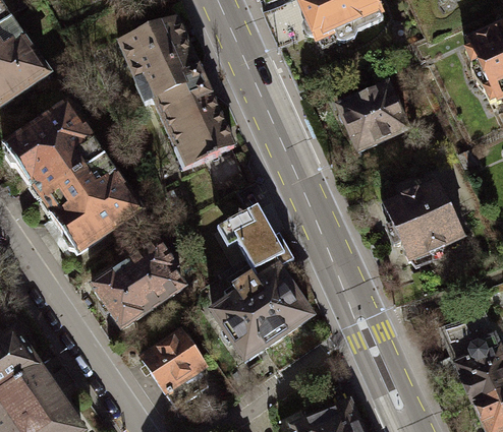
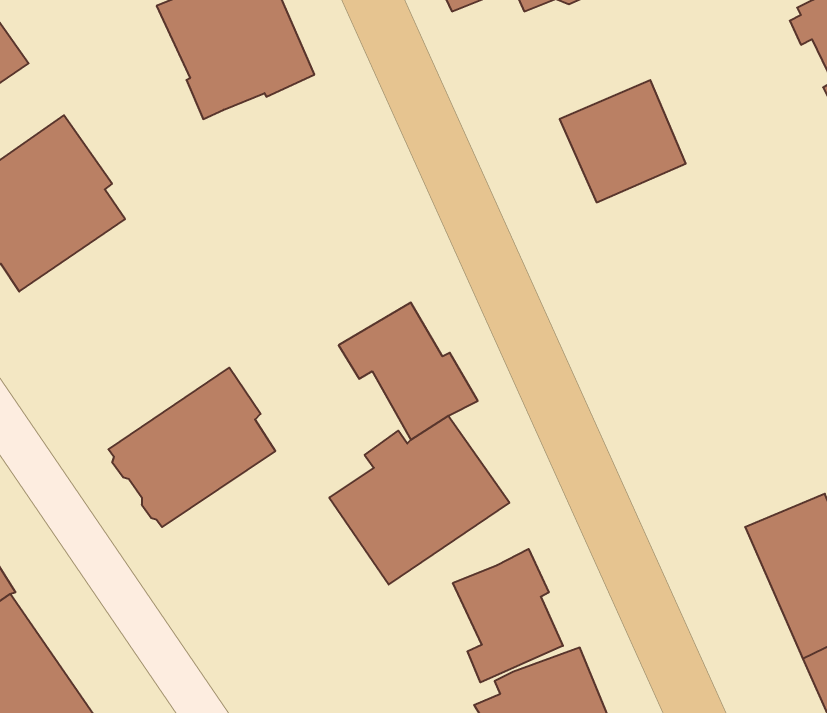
building: [155,79,233,171] -> none
building: [43,159,142,255] -> none
building: [384,181,469,266] -> none
building: [141,329,206,407] -> none
building: none -> [453,549,563,682]

